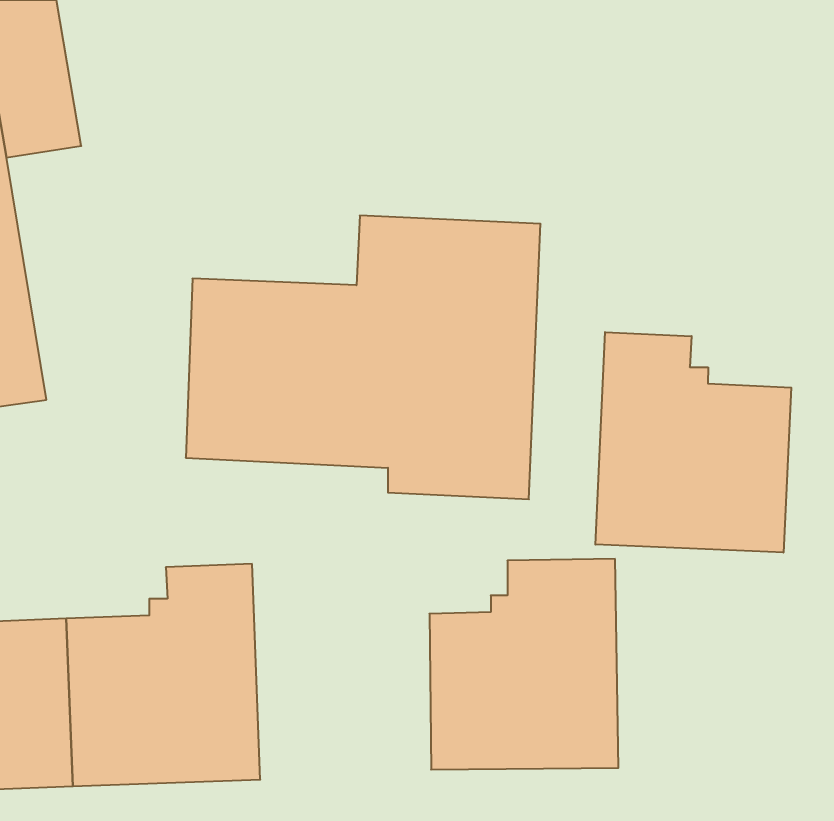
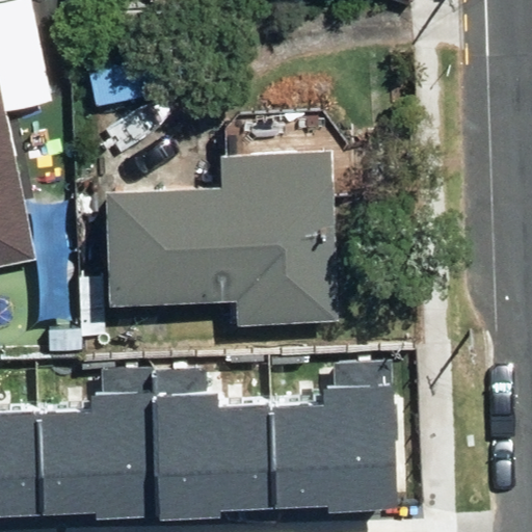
building: [595,332,791,553] -> none
building: none -> [158,370,270,505]

